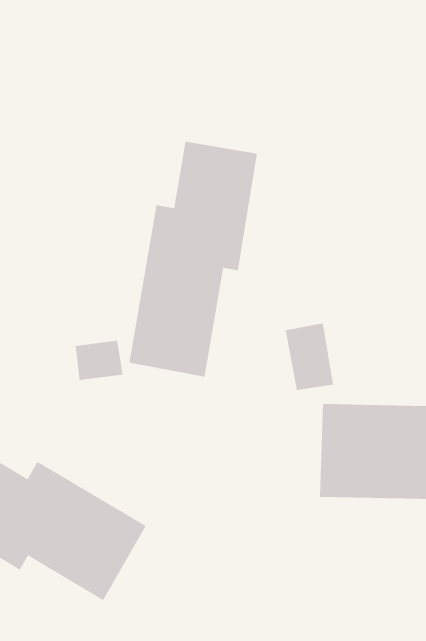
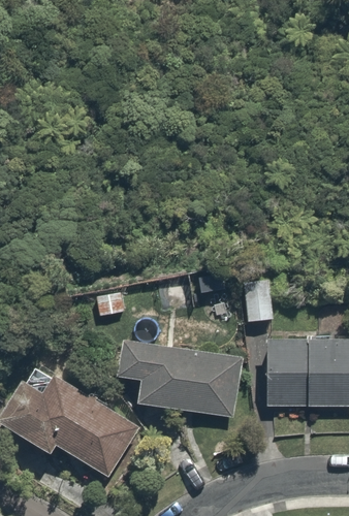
building: [129,141,258,377] -> none
building: none -> [117,337,243,420]

